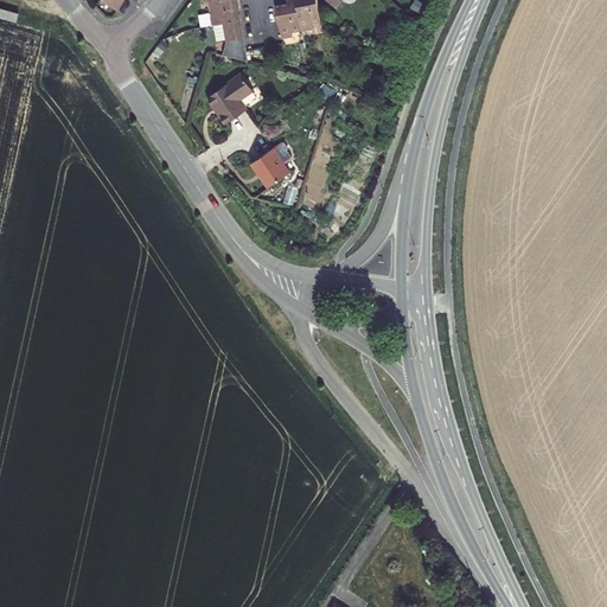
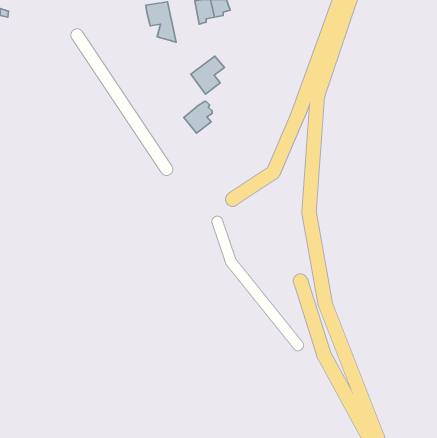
building: [207,74,254,126] -> [191,56,224,94]

